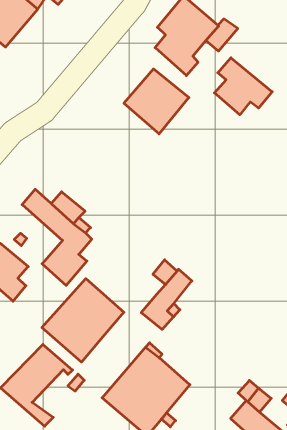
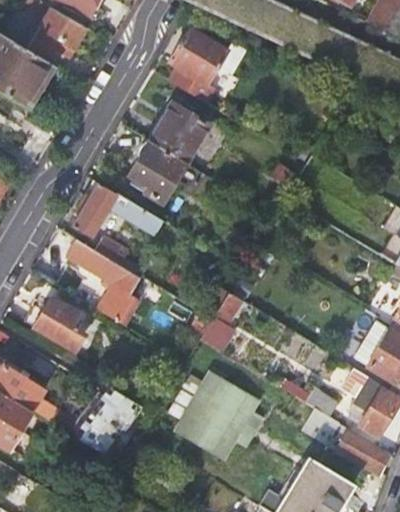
building: [214,58,272,115] -> none
building: none -> [128,141,187,205]
building: none -> [72,181,160,238]
building: [42,279,124,362] -> none

